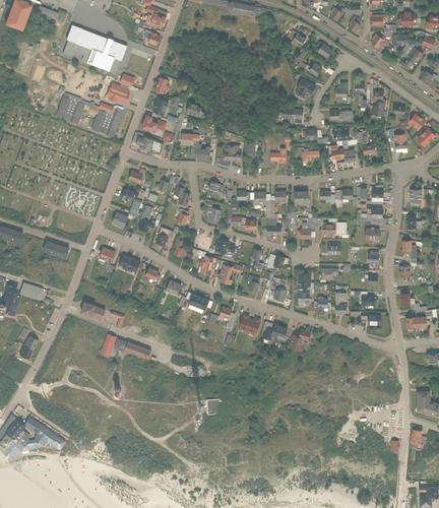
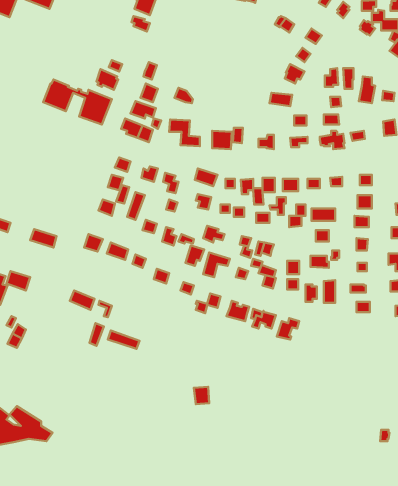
building: [63,23,127,71] -> none

